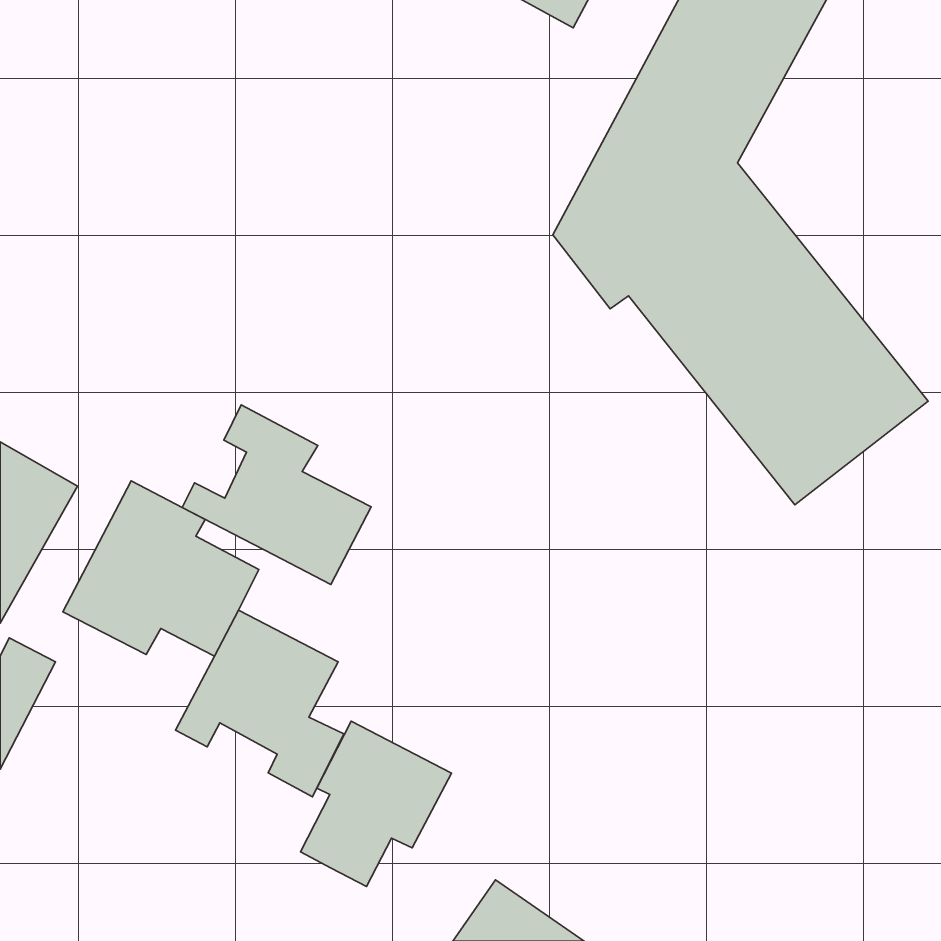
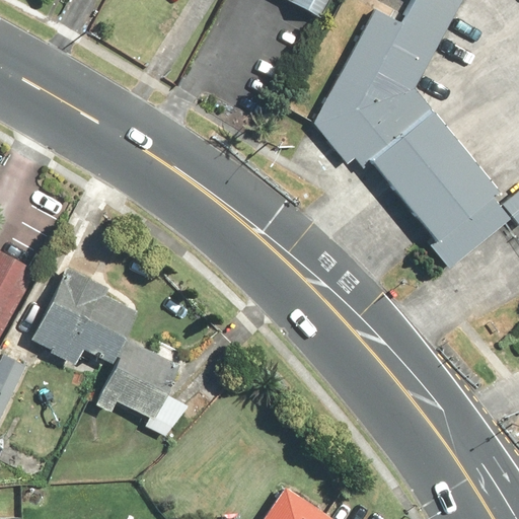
building: [182,405,371,584] -> none
building: [301,721,452,887] -> none

